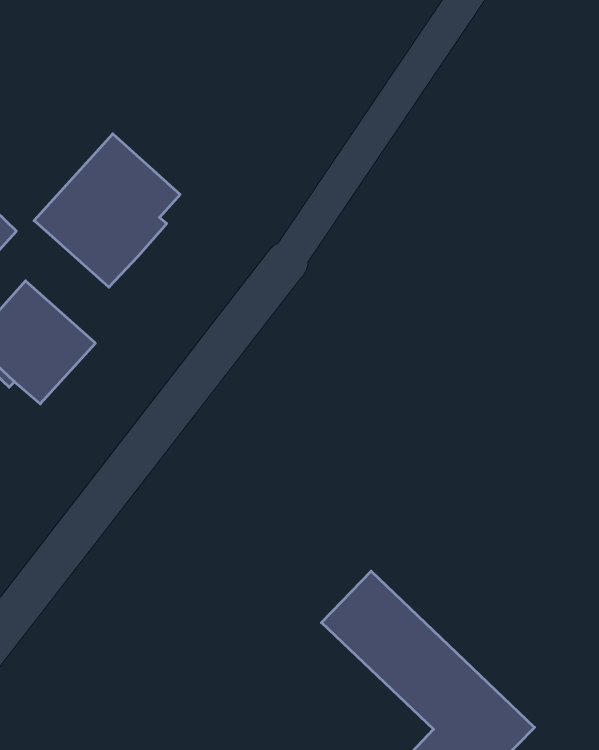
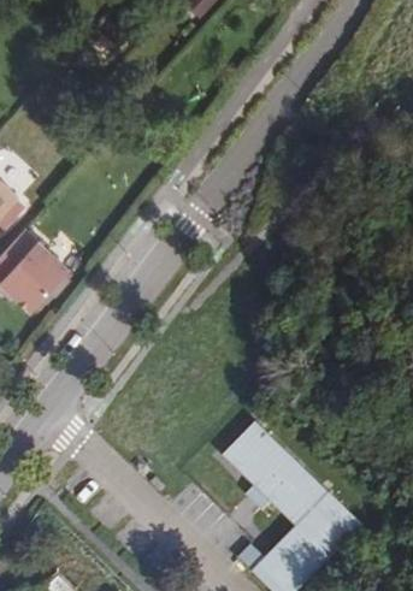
building: [34,134,180,287] -> none

